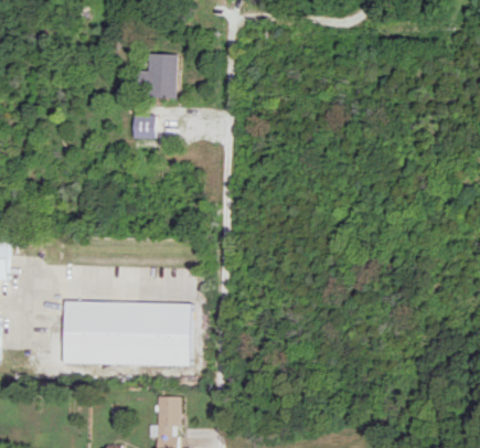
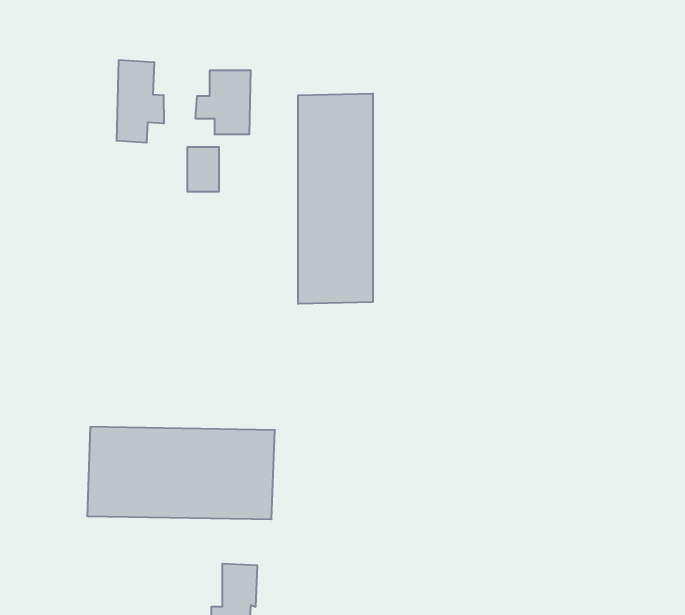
building: none -> [117,60,164,143]
building: none -> [298,93,373,304]

